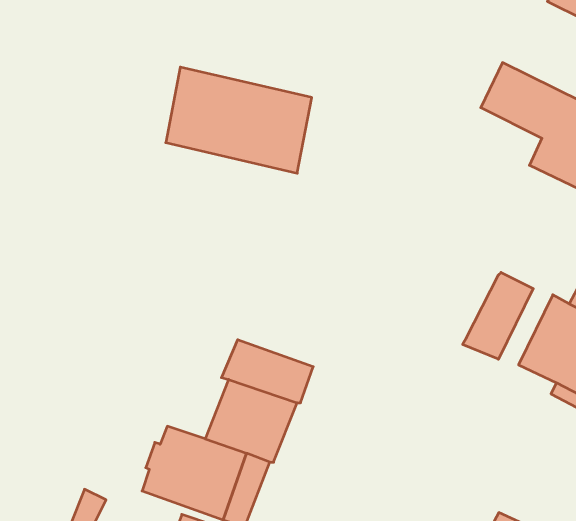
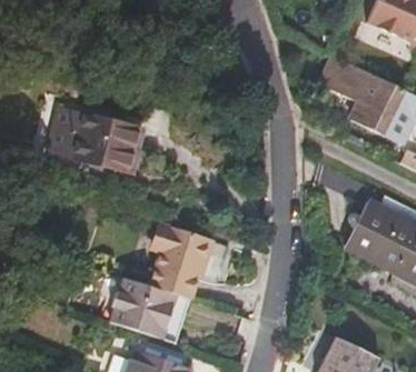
building: [166,67,312,173] -> [48,108,138,173]
building: [463,272,533,359] -> none

